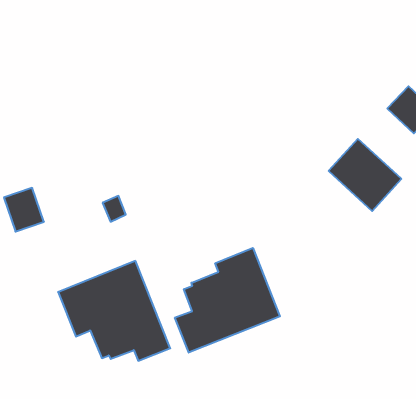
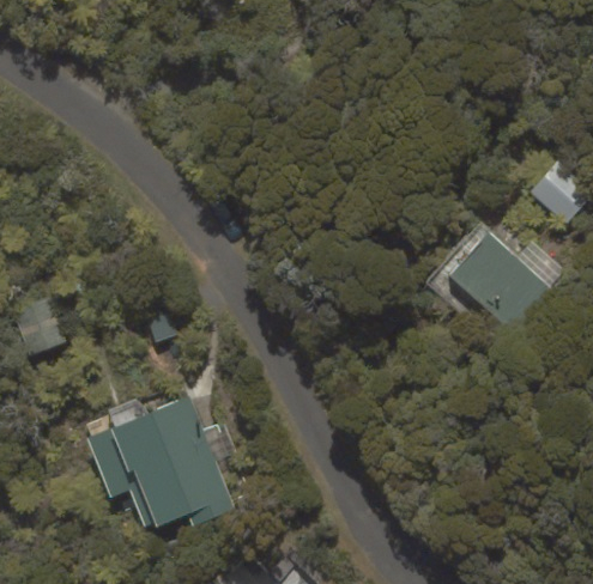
building: [175,248,280,353] -> none

